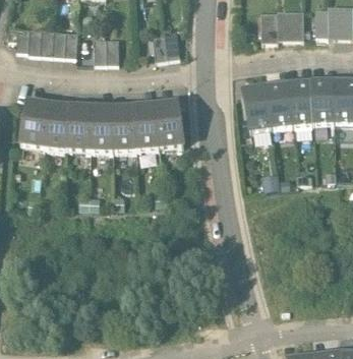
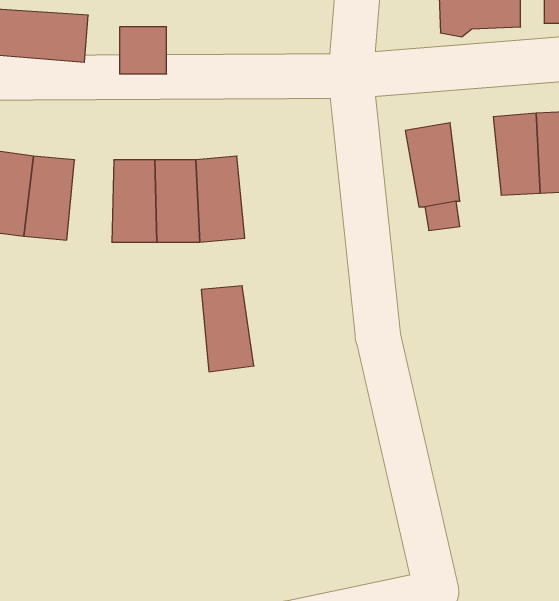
building: [152,33,179,60] -> none
building: [266,84,292,128] -> none
building: [155,103,182,147] -> [201,286,254,372]
building: [66,107,91,149] -> none

